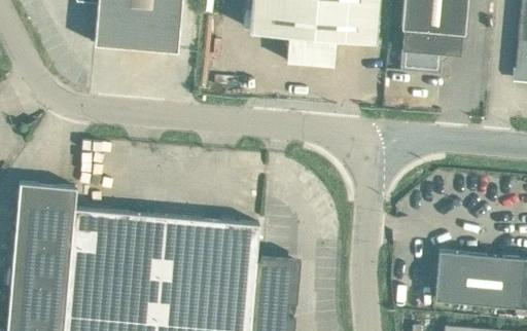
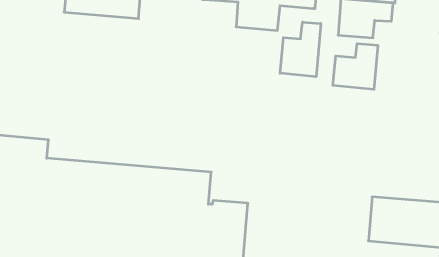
building: none -> [280,22,321,77]
building: none -> [333,44,378,89]

